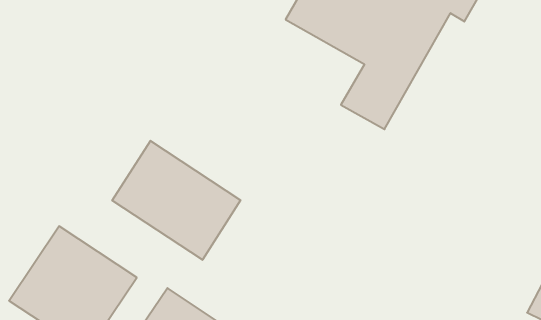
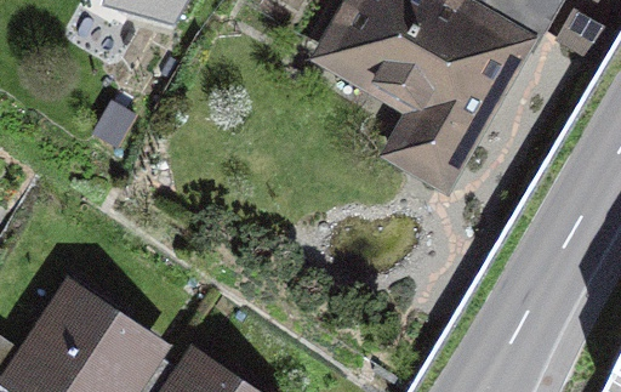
building: [112,141,240,260] -> none

